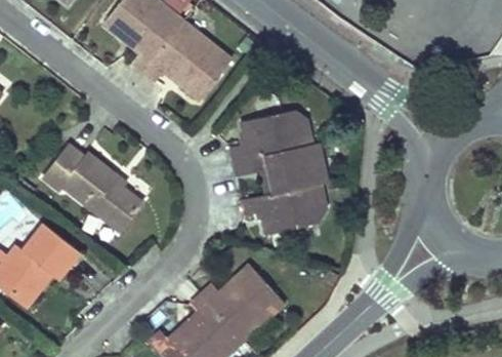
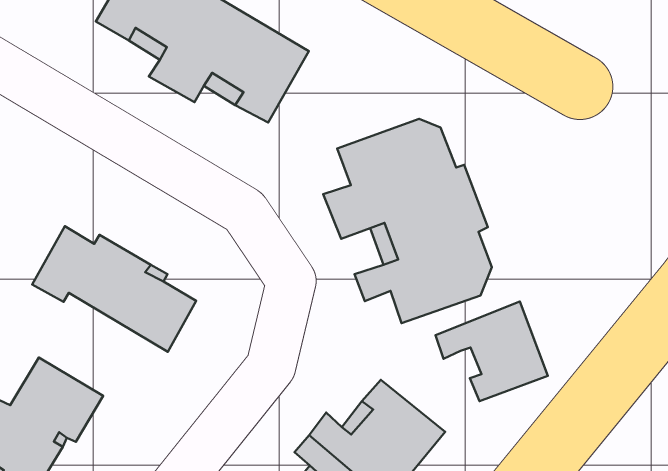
building: none -> [436,302,548,401]

